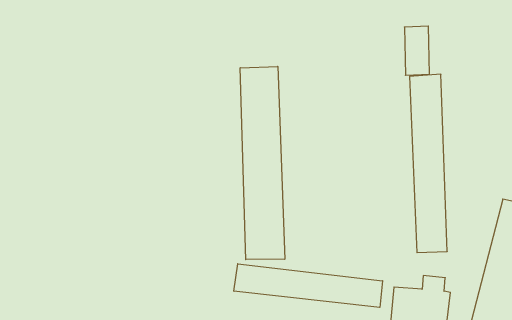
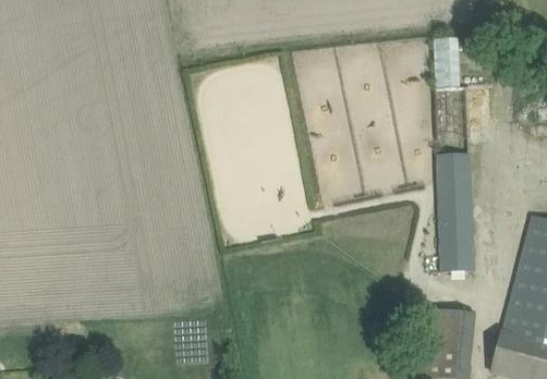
building: [240,66,285,260] -> none
building: [234,264,383,307] -> none

